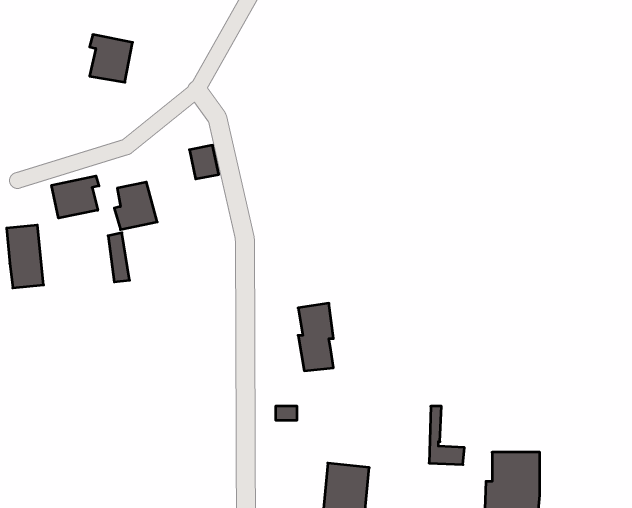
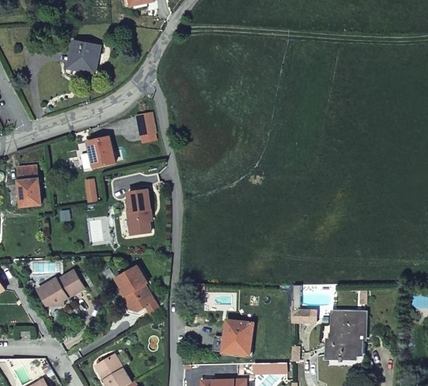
building: [52,176,99,218] -> none
building: [298,303,333,371] -> [127,190,150,234]
building: none -> [116,268,153,312]
building: none -> [38,270,84,306]

